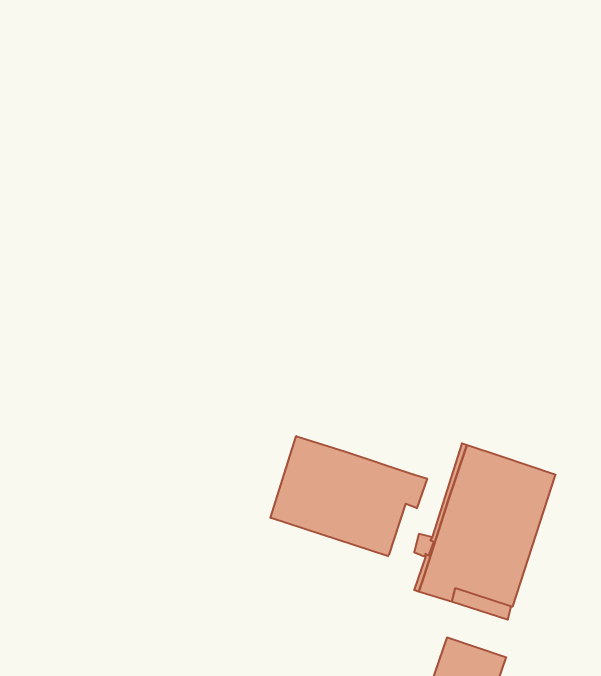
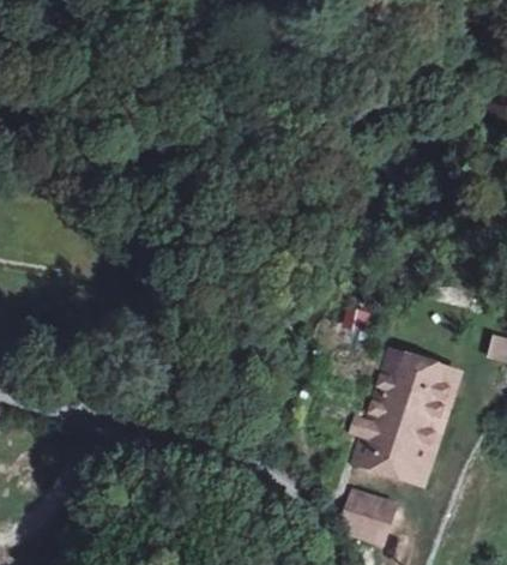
building: [270,436,427,556] -> none

